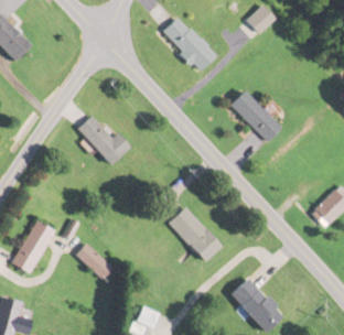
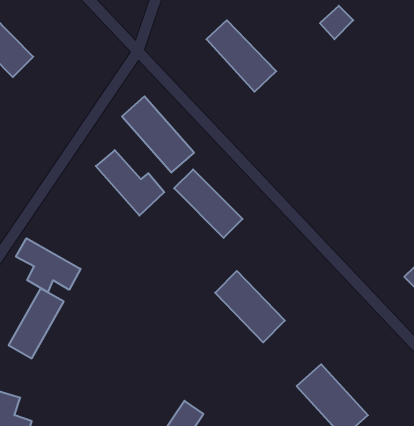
building: none -> [122,96,194,173]
building: [229,89,281,141] -> [174,169,243,238]
building: none -> [16,238,81,292]
building: [77,241,115,279] -> none

